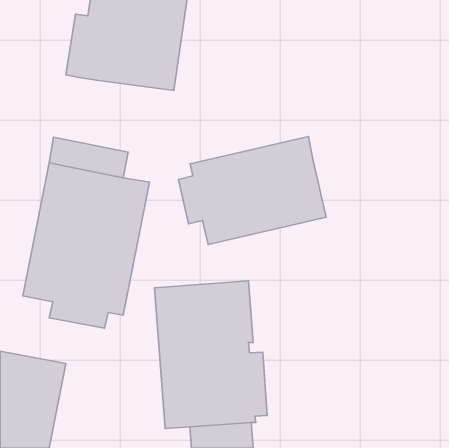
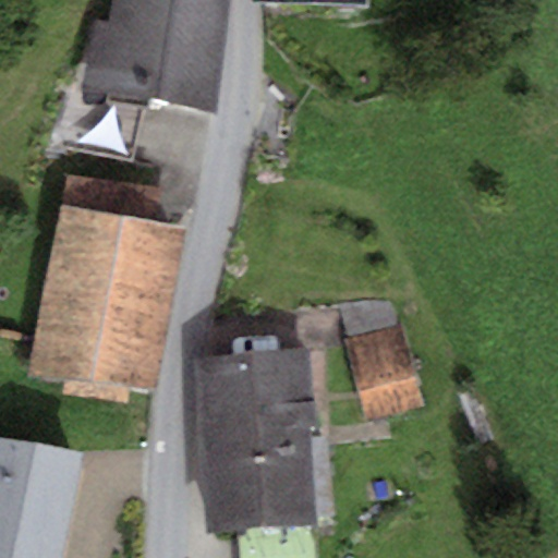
building: [179,137,326,244] -> none
building: none -> [345,326,423,421]

